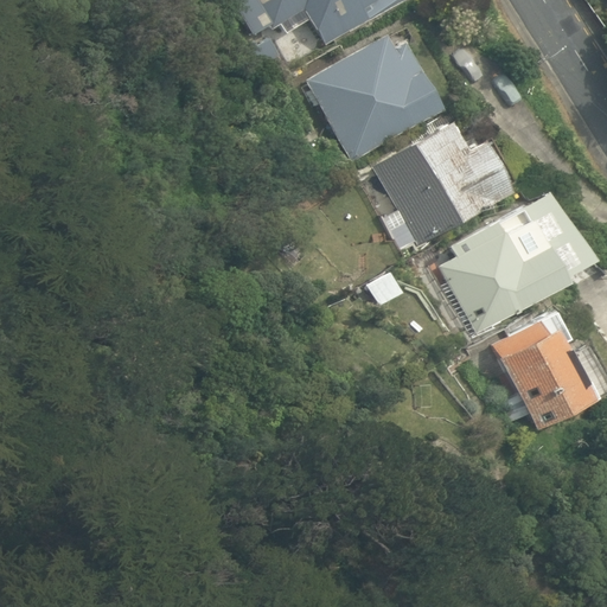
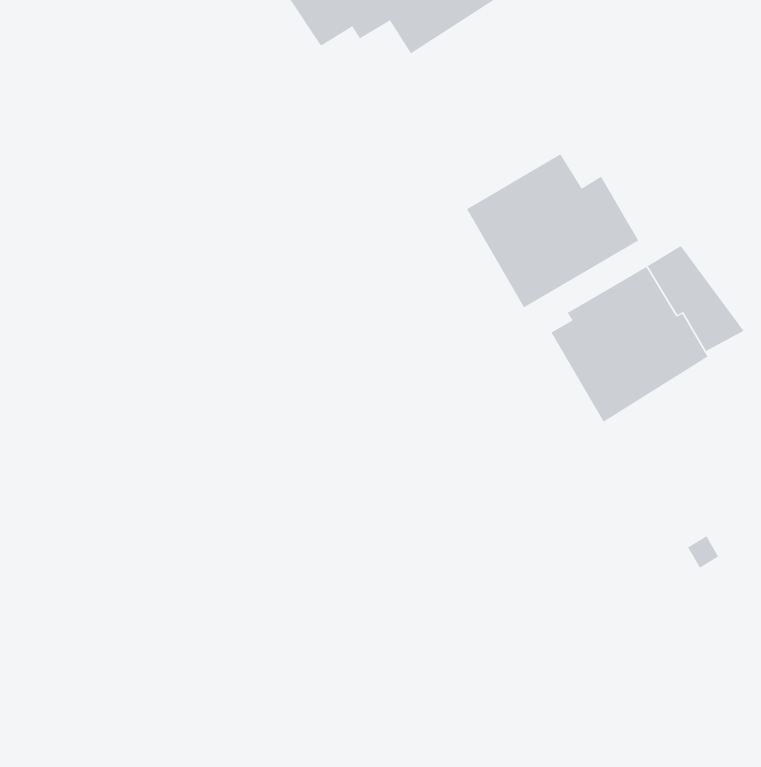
building: [308,36,441,158] -> none
building: [488,319,584,429] -> none

